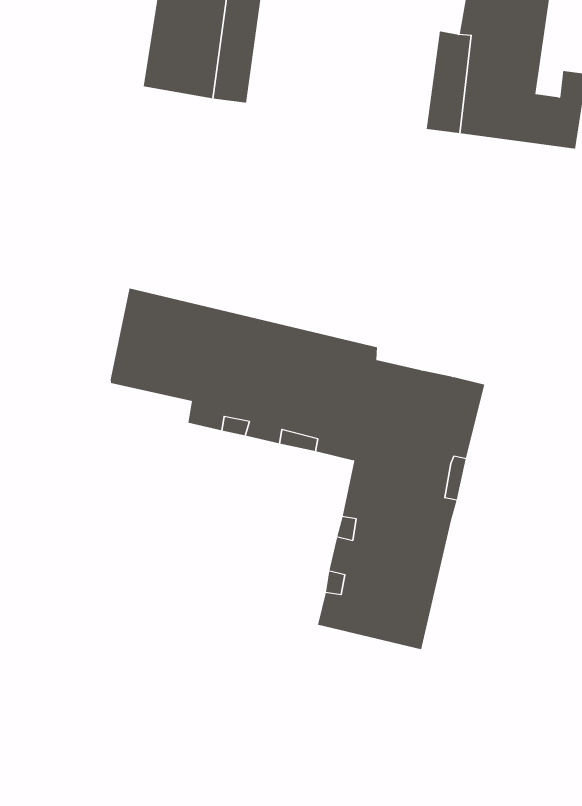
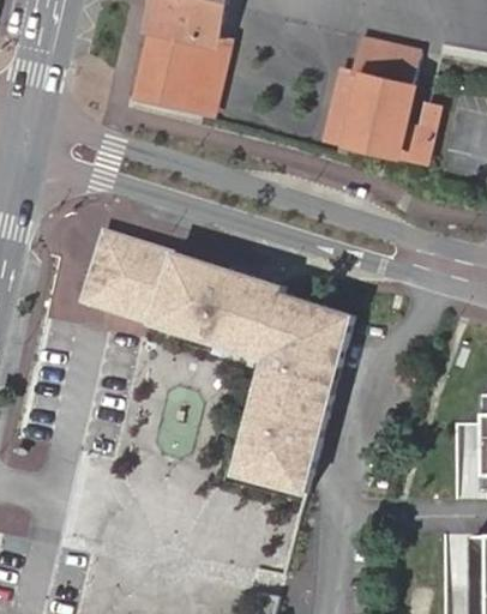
building: none -> [76,227,152,326]

